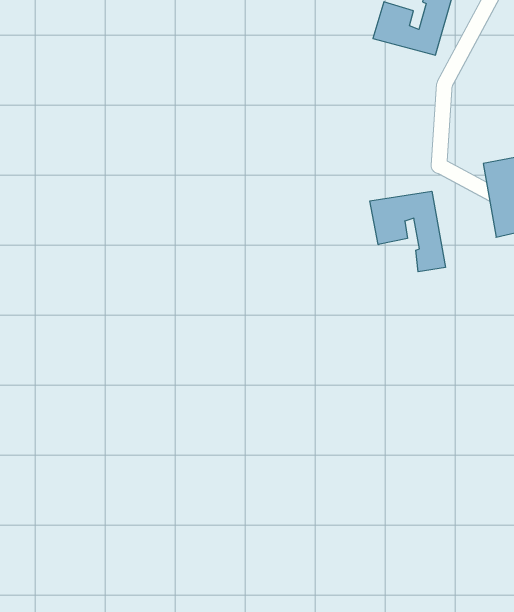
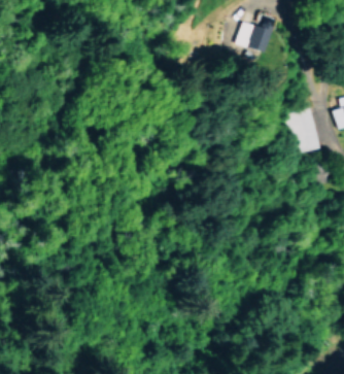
building: [370,191,445,272] -> none

